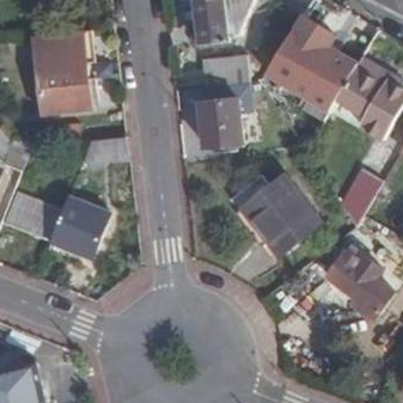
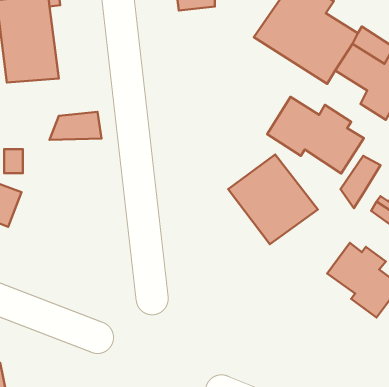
building: [203,54,250,83] -> none
building: [197,100,238,146] -> none
building: none -> [267,97,364,173]
building: [49,200,109,258] -> none

